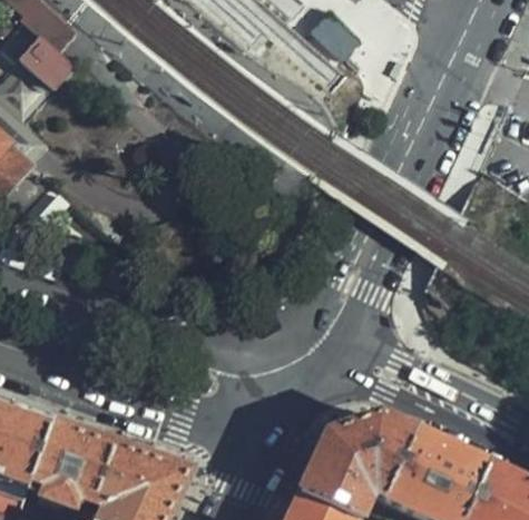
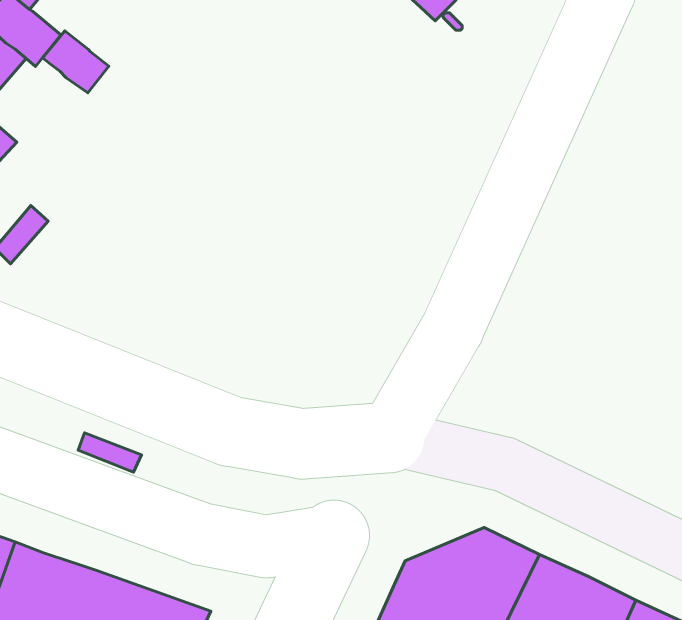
building: none -> [43,31,109,93]

